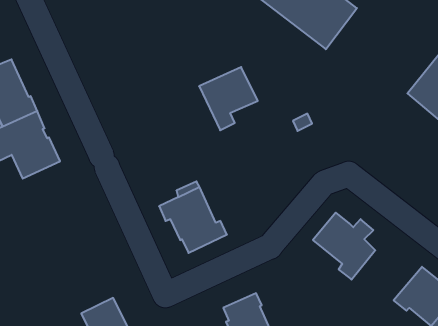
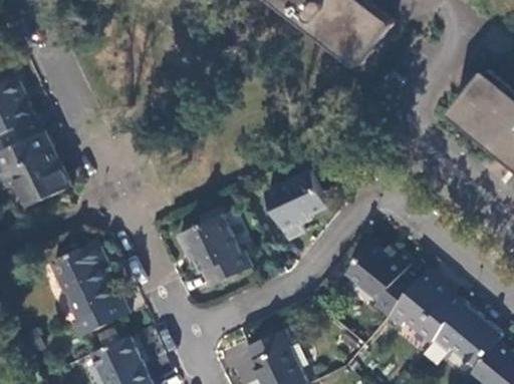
building: [199,67,258,130] -> [264,172,328,242]
building: none -> [51,243,126,337]
building: none -> [388,273,465,343]

